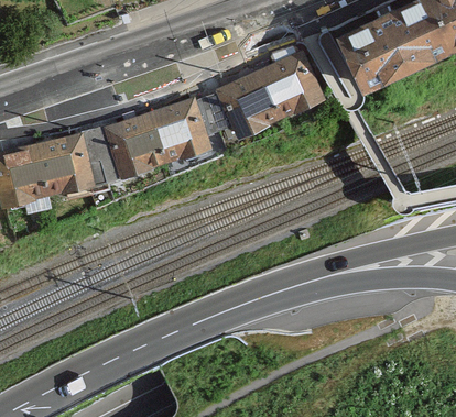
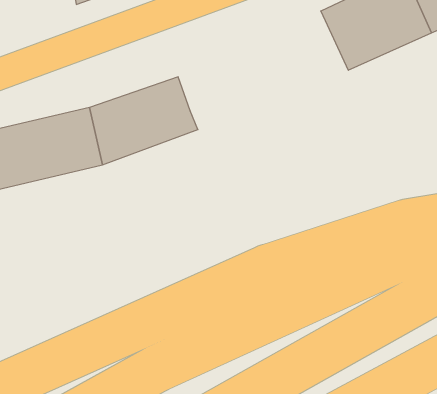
building: [194,51,323,139] -> none

